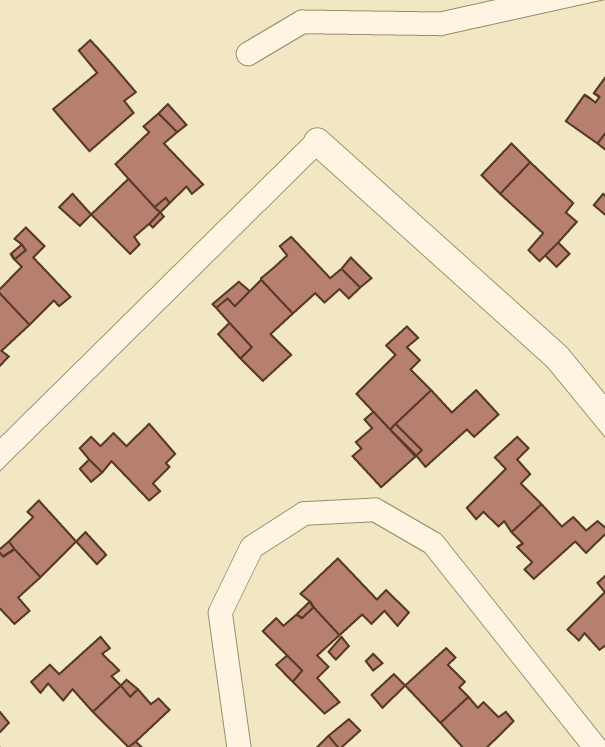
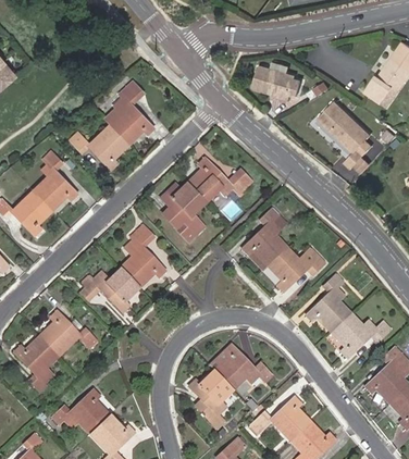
building: [53,40,136,151] -> none
building: none -> [253,66,301,96]
building: none -> [122,225,164,286]
building: [353,412,415,487] -> none

